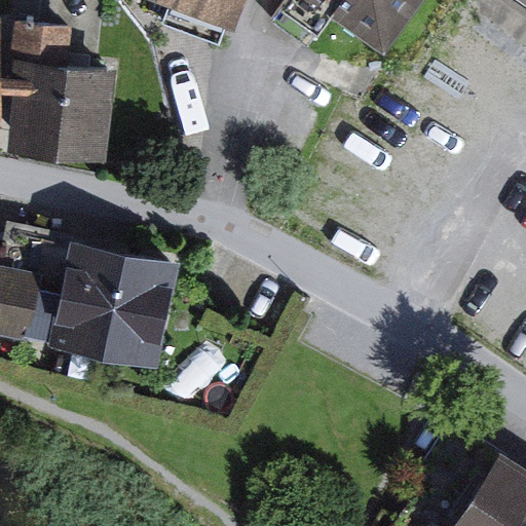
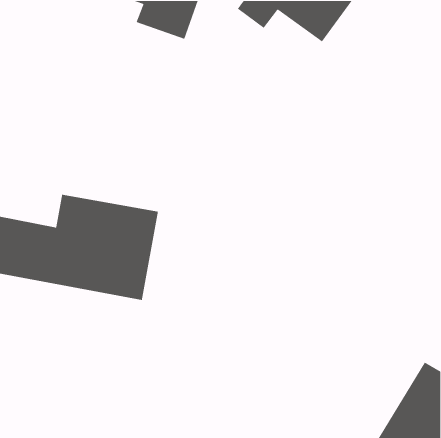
building: [11,40,107,165] -> none

